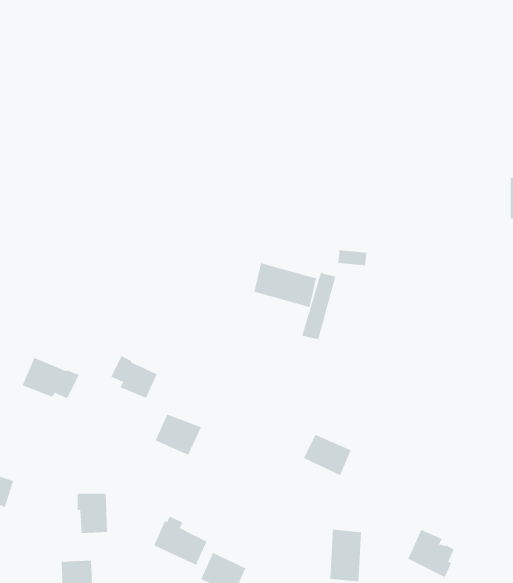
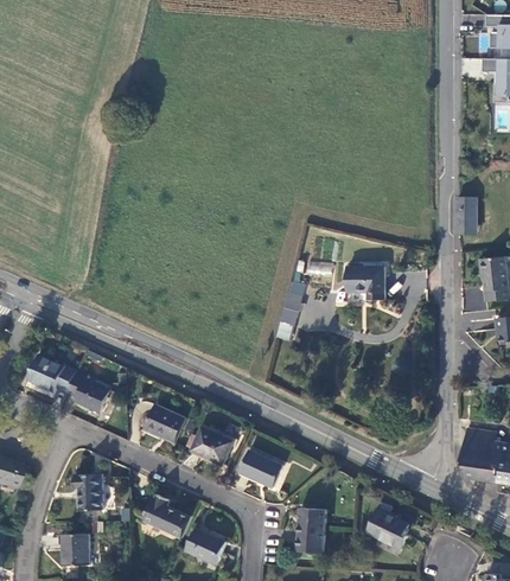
building: none -> [346,269,384,301]
building: [254,262,317,308] -> none
building: [110,355,157,398] -> [66,372,108,410]
building: [303,434,351,476] -> [238,449,281,486]
building: none -> [191,427,232,464]

